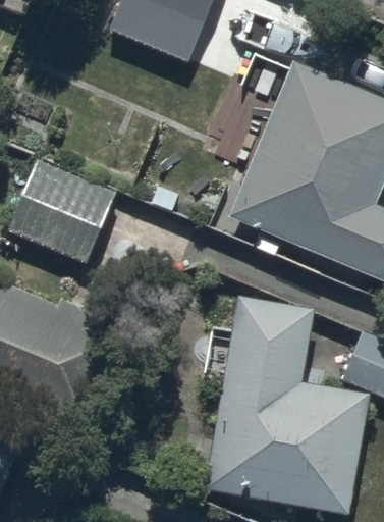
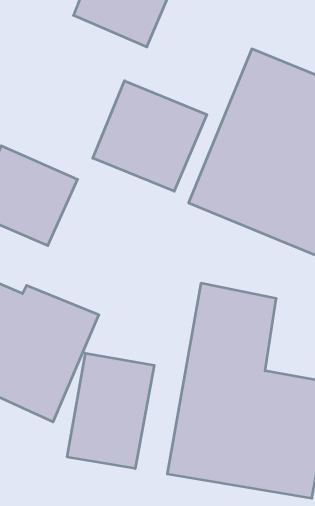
building: none -> [93,81,207,191]
building: none -> [67,353,154,469]

